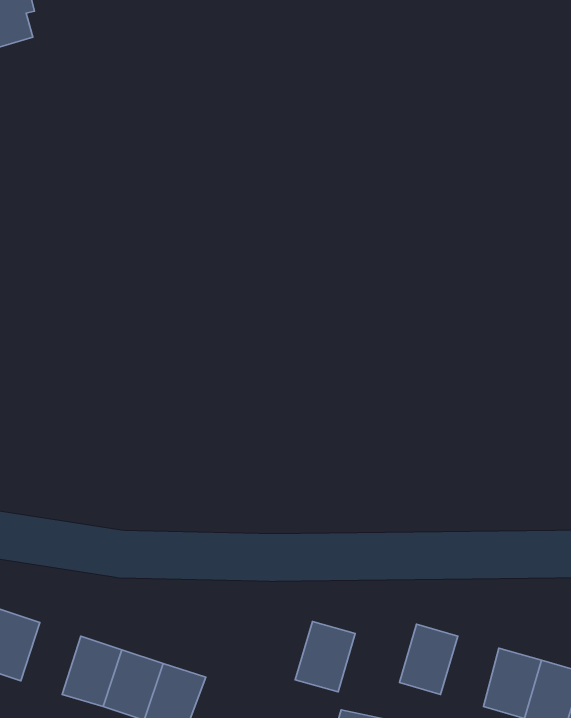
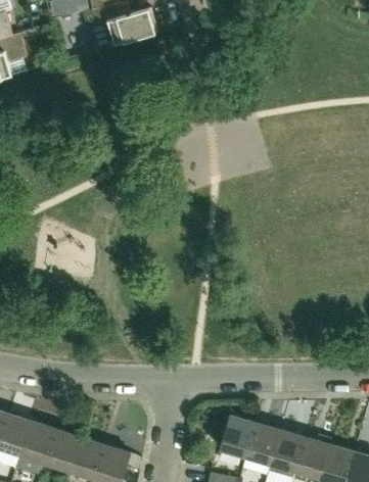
building: [295,622,355,692] -> [220,416,256,457]
building: none -> [19,422,55,465]
building: none -> [270,430,305,472]

